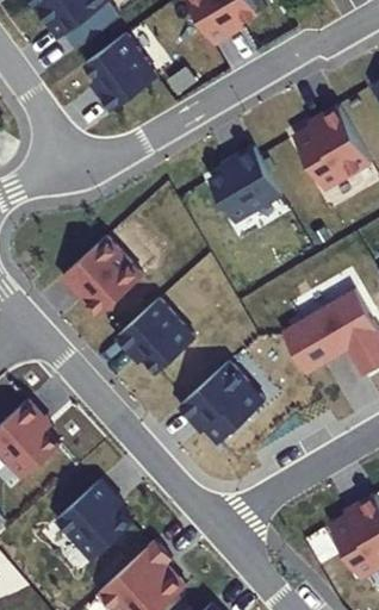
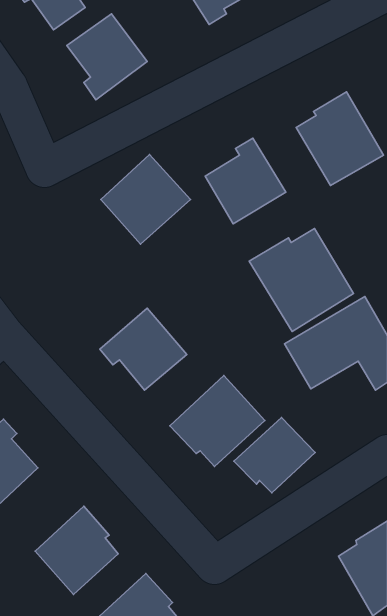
building: none -> [249,229,354,332]
building: [61,237,142,318] -> [101,155,190,244]
building: none -> [234,417,315,493]

